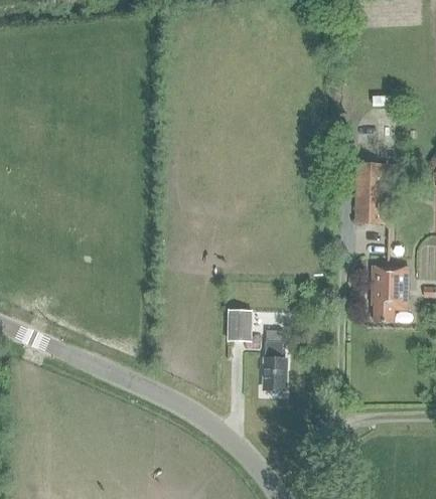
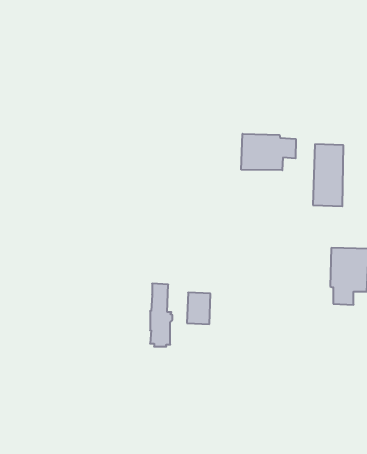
building: none -> [241,134,296,170]
building: [264,330,286,392] -> [150,284,172,347]

